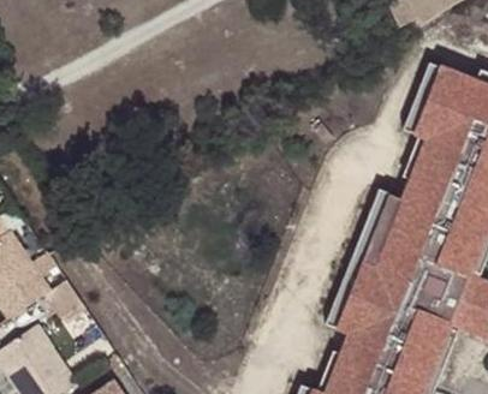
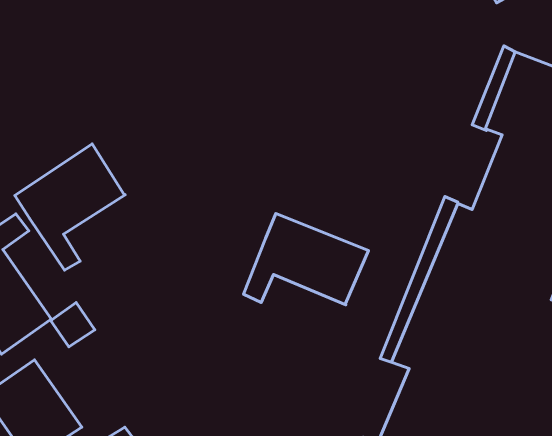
building: none -> [15,144,125,270]
building: none -> [243,214,368,305]

